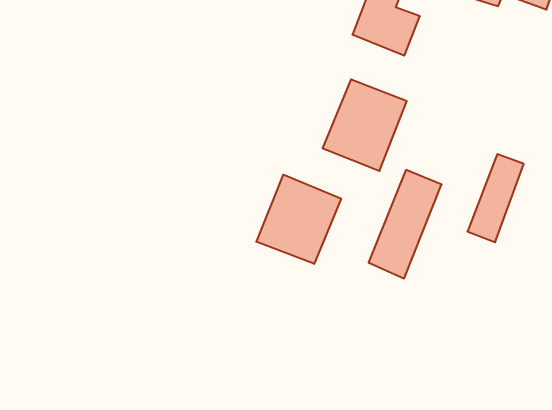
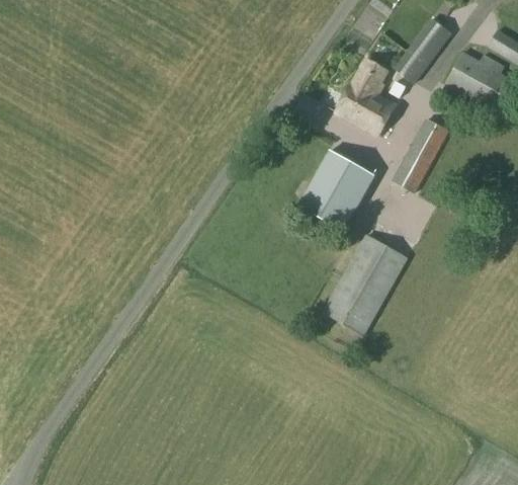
building: [467,154,524,242] -> [395,118,449,192]
building: [256,175,341,264] -> none

